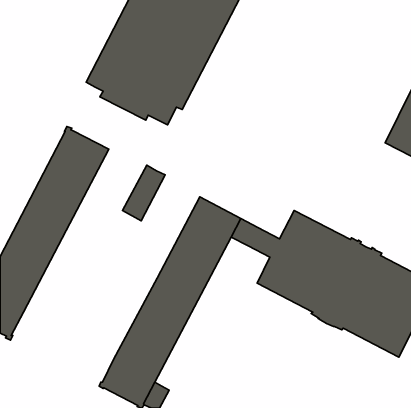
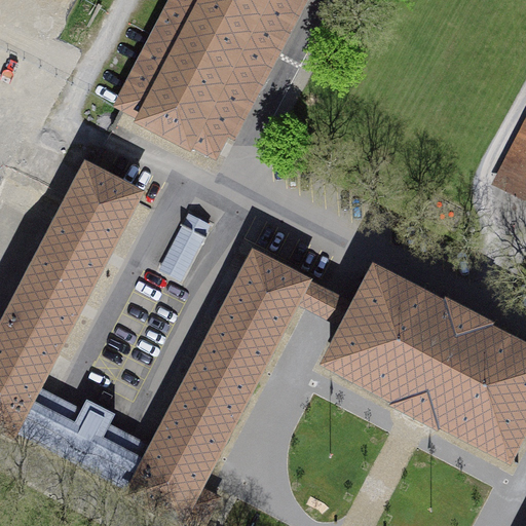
building: none -> [15,396,146,487]

